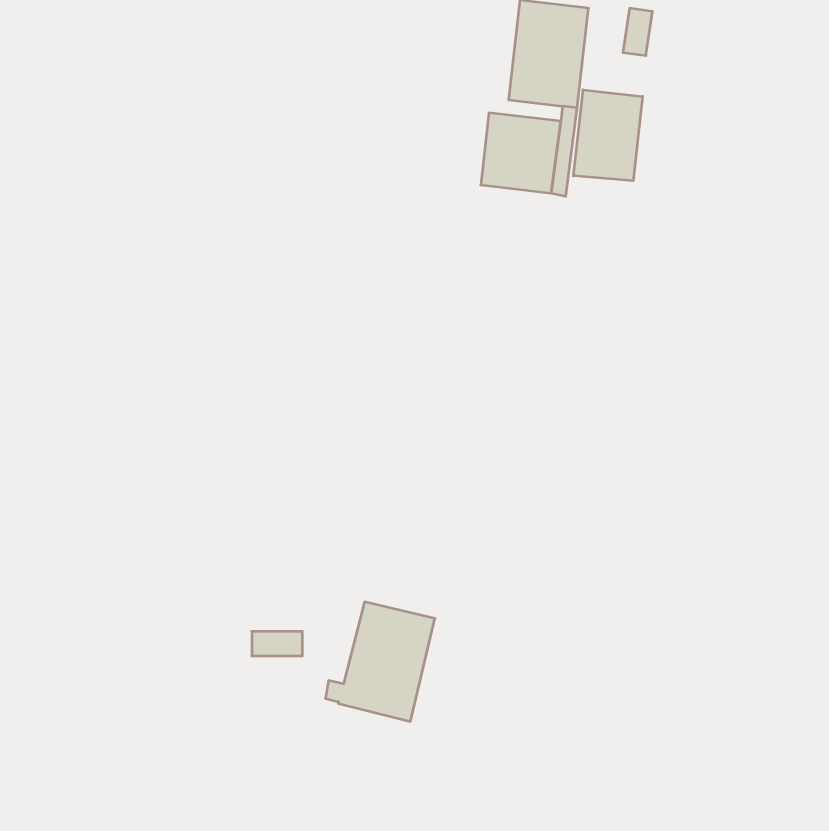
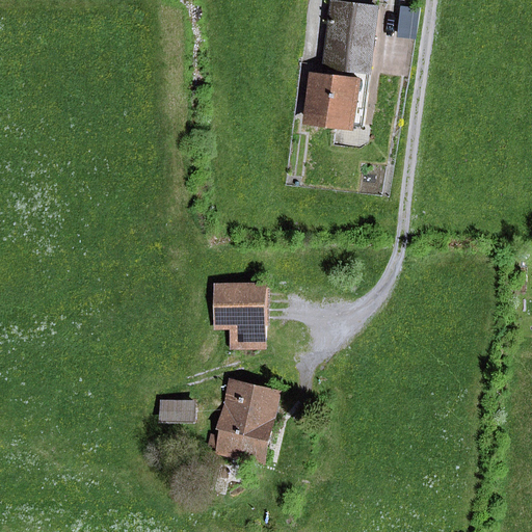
building: [573,90,643,181] -> none
building: none -> [215,283,261,336]

